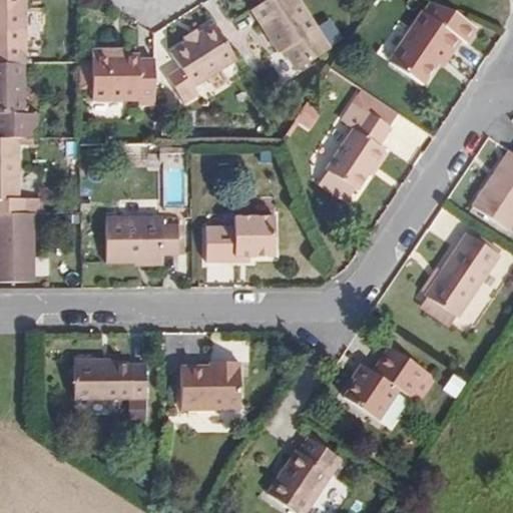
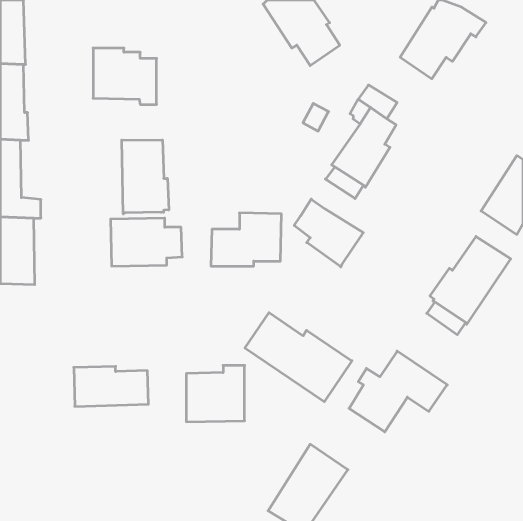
building: [171,24,241,101] -> none
building: none -> [122,140,169,214]
building: none -> [294,199,363,267]
building: none -> [245,313,352,402]

